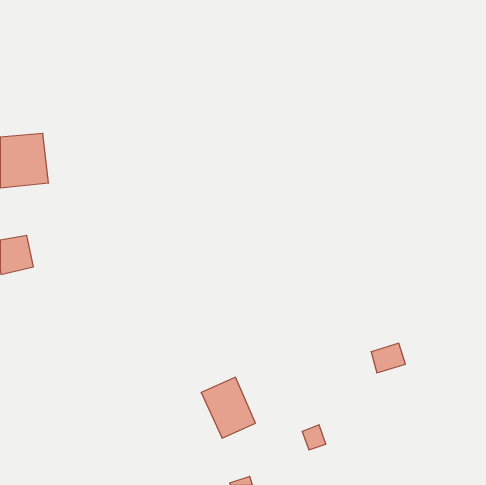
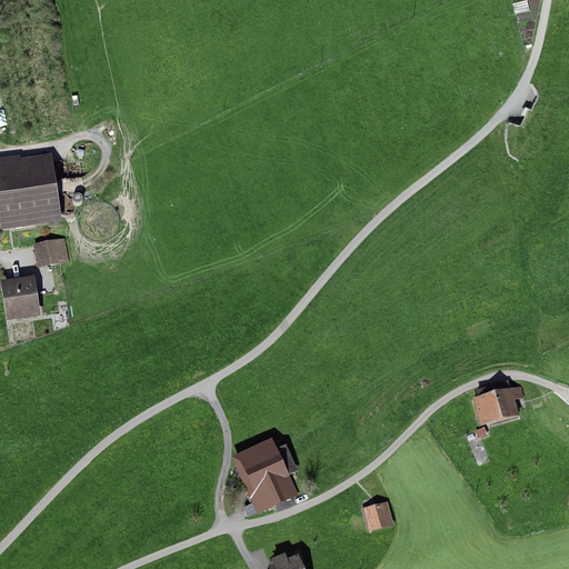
building: none -> [32,238,62,266]
building: [371,343,405,373] -> [478,389,518,423]

